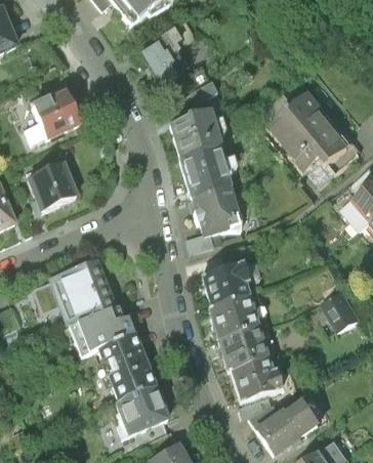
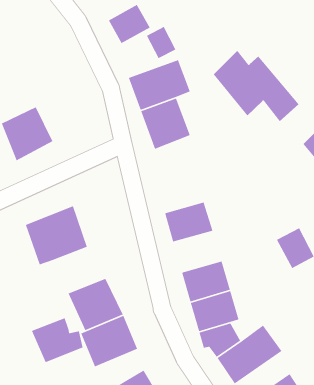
building: [34,92,88,145] -> none
building: [190,186,237,234] -> none
building: [209,289,262,333] -> none
building: [81,306,137,355] -> [31,317,83,363]

